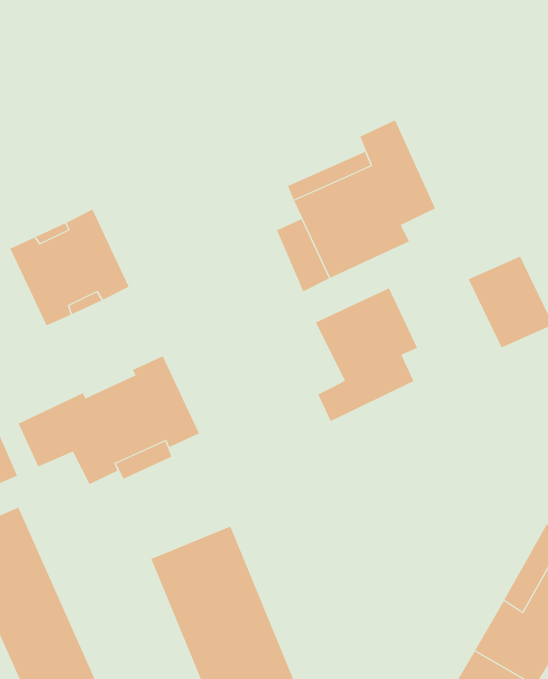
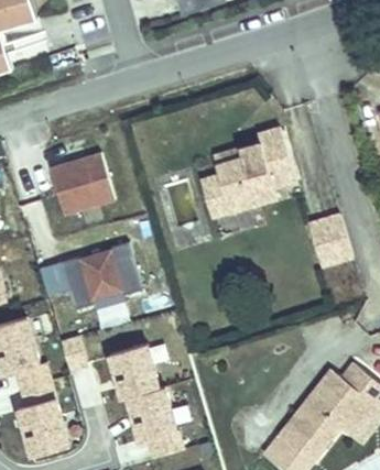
building: [315,288,418,422] -> none

